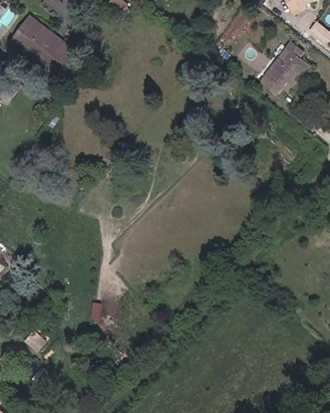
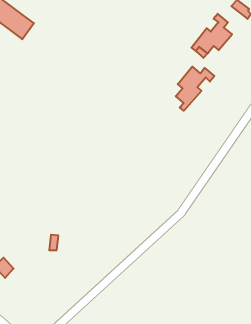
building: none -> [176,67,214,111]

